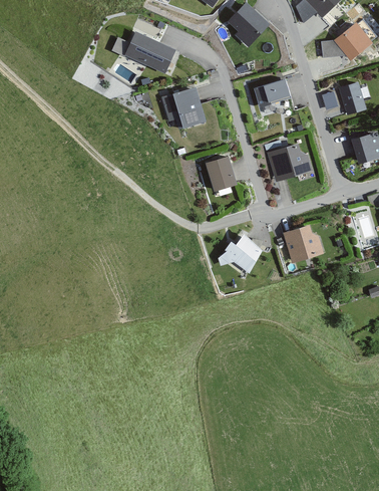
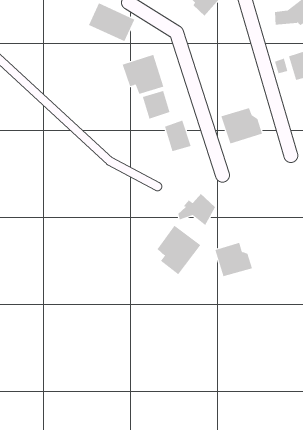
building: [255,78,290,103] -> none
building: none -> [142,90,170,120]
building: [282,225,323,262] -> [214,242,253,277]
building: none -> [157,225,201,275]

